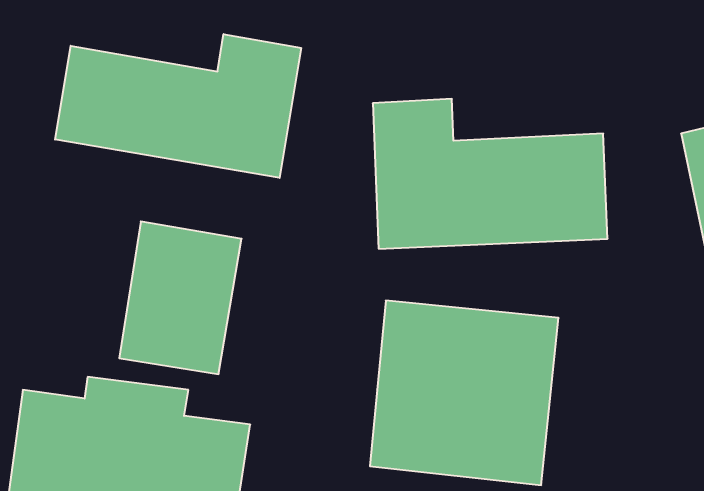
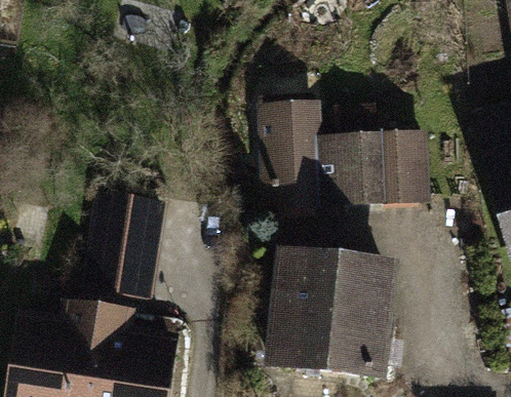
building: [55,34,301,178] -> none

